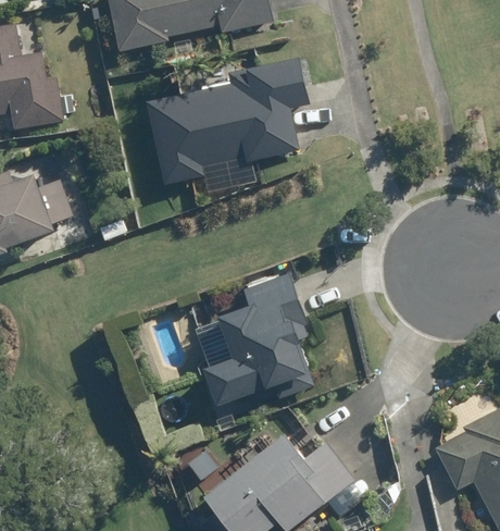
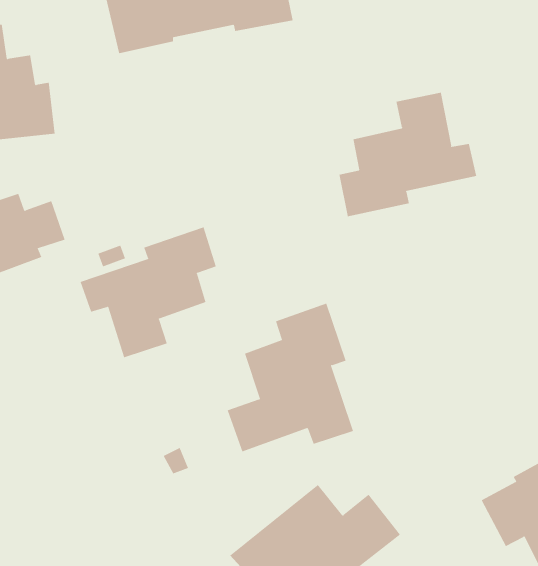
building: [142,59,305,184] -> none
building: none -> [339,92,477,217]
building: none -> [80,227,217,358]

